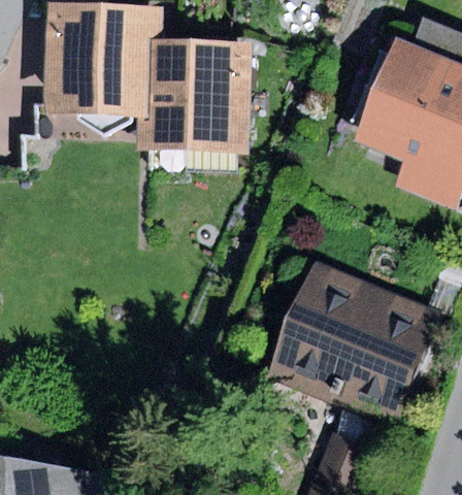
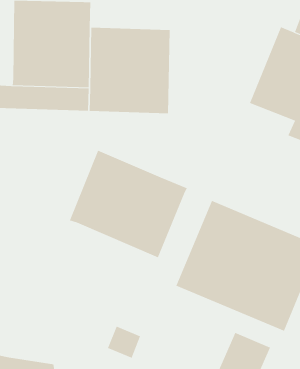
building: none -> [69,150,188,258]

